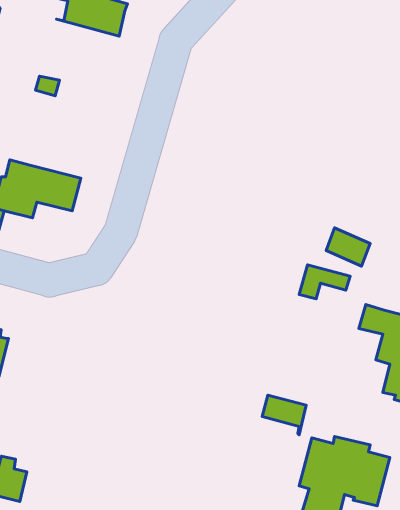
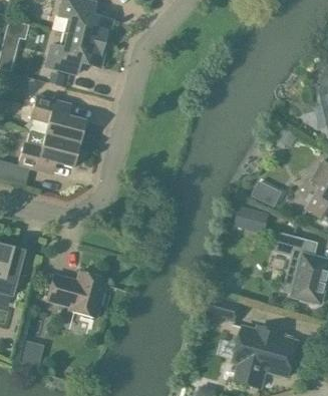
building: none -> [45,32,106,74]
building: none -> [29,95,85,144]
building: none -> [46,272,105,318]

